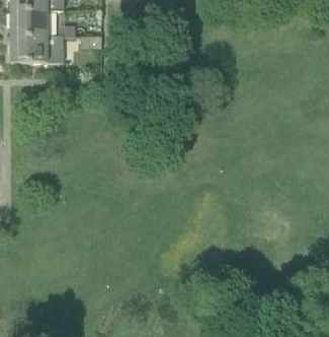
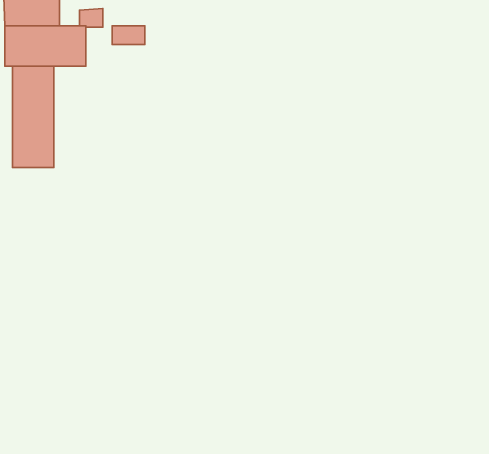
building: none -> [13,66,54,167]

